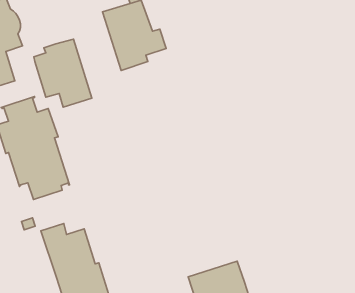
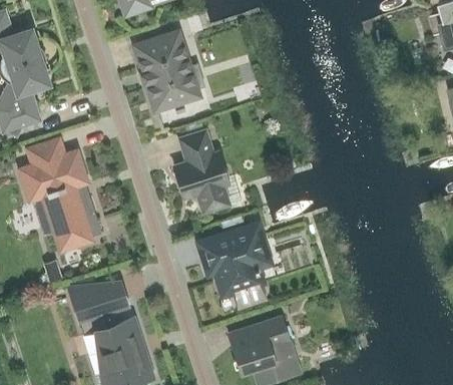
building: [34,39,92,107] -> none
building: none -> [174,131,230,213]
building: none -> [198,227,270,310]

